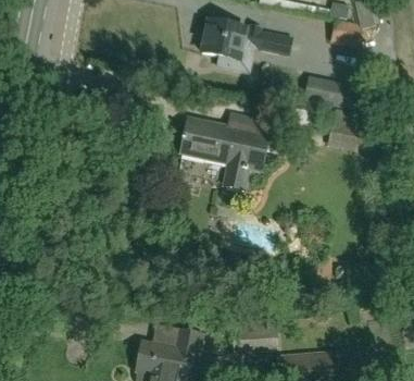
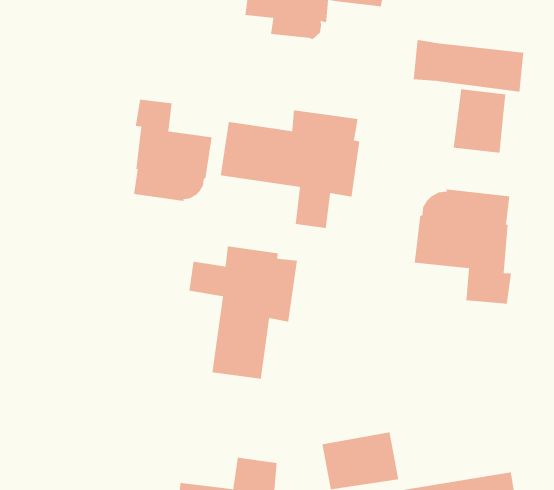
building: none -> [133,99,212,202]
building: none -> [414,189,512,304]
building: none -> [189,246,298,380]

